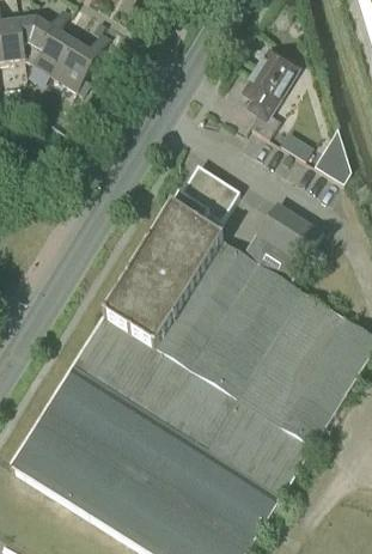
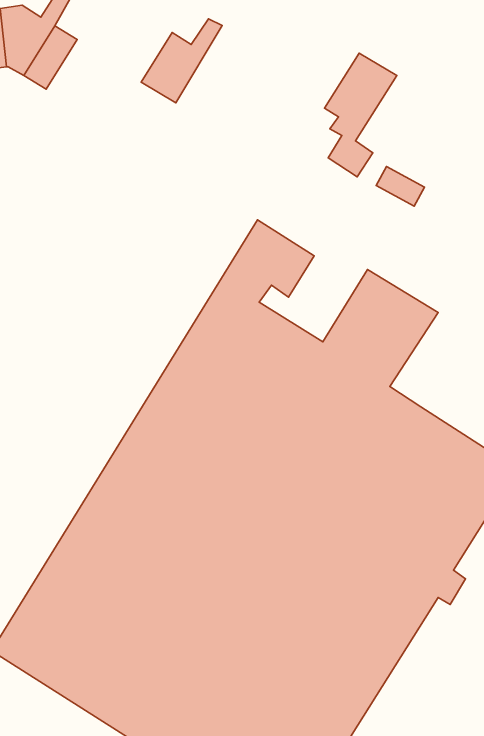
building: [50,30,106,89] -> [141,19,222,103]
building: [311,126,348,182] -> none

